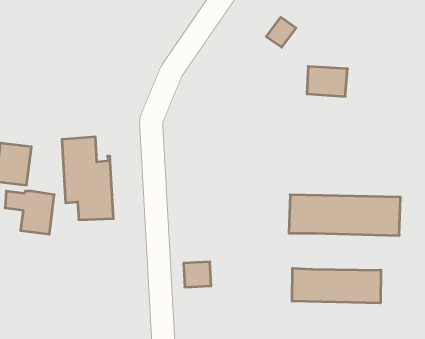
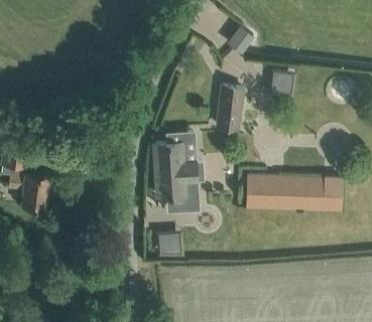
building: none -> [217,85,244,128]
building: [62,137,113,220] -> [154,141,198,210]
building: [292,268,381,303] -> none

